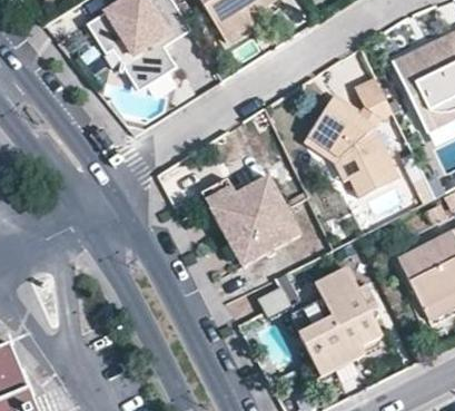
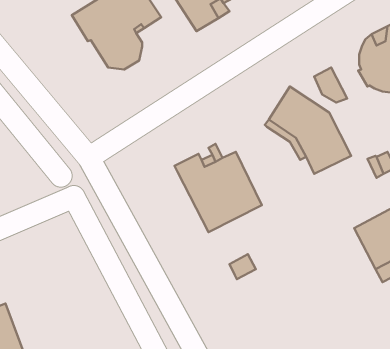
building: [304,270,380,373] -> none

